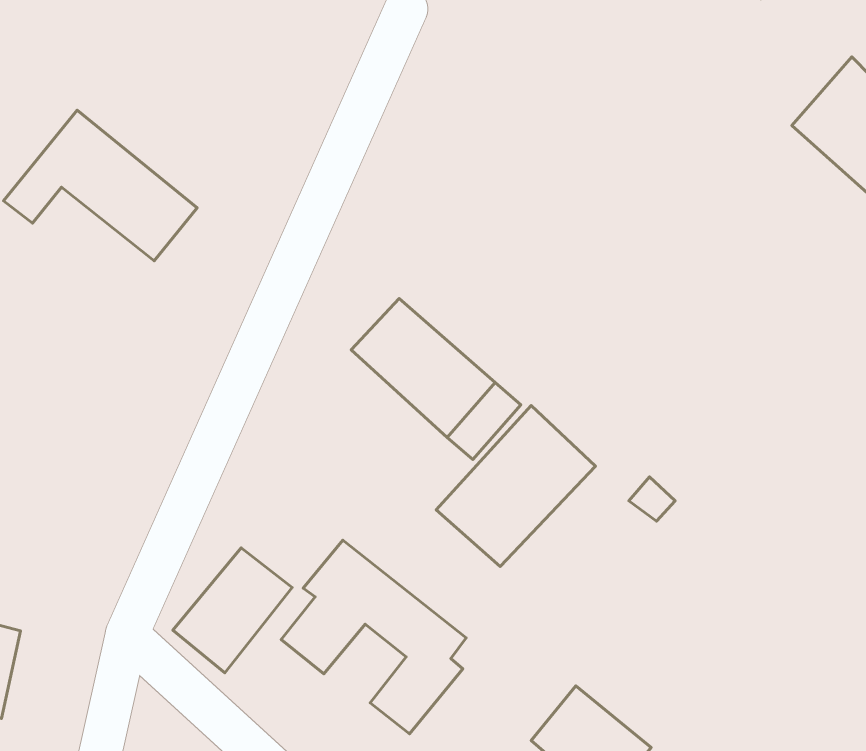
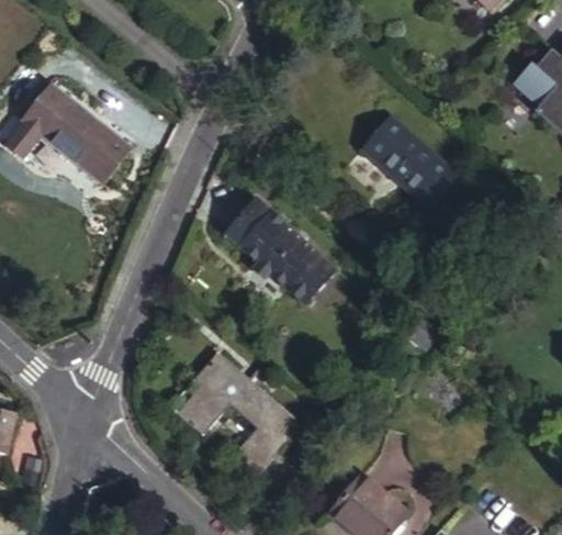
building: none -> [364,107,462,198]
building: [436,405,596,567] -> none
building: [173,548,292,673] -> none

